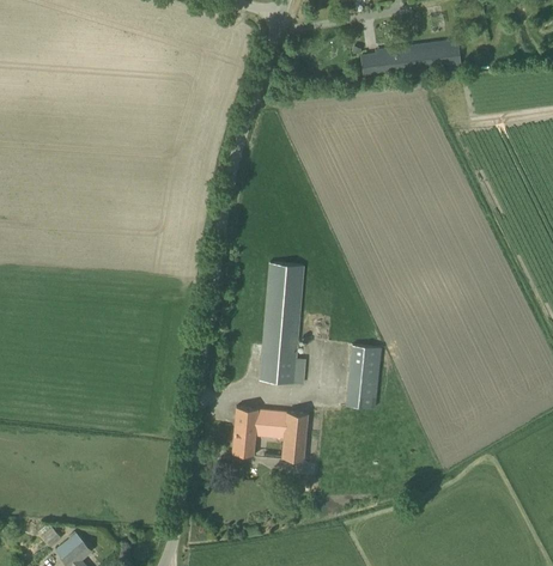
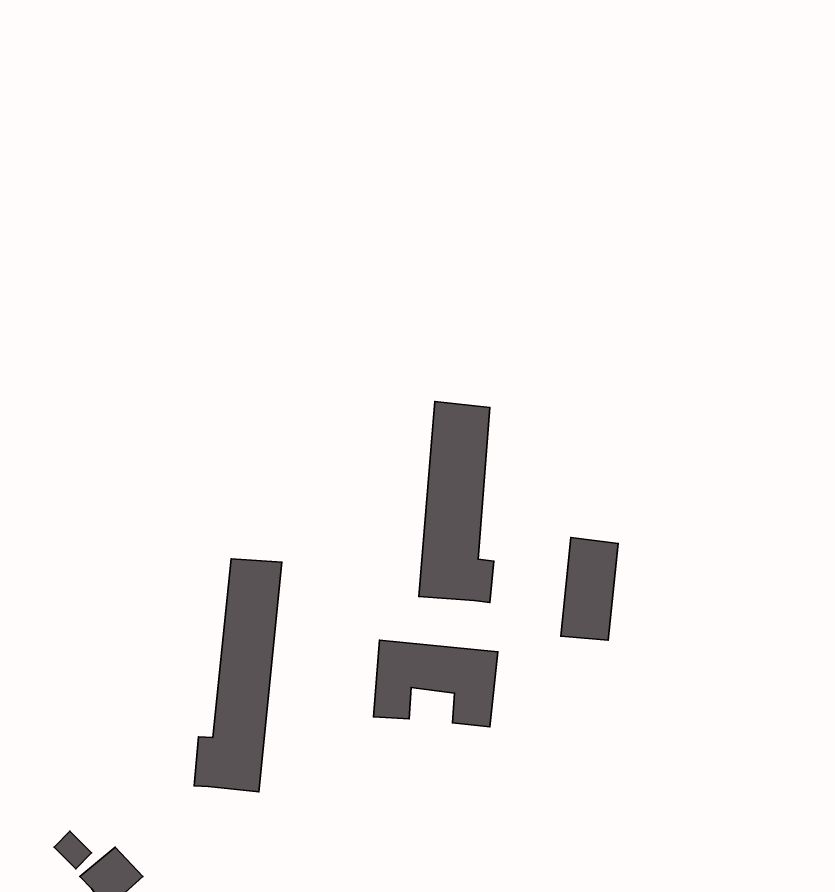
building: [360,39,460,79] -> none
building: none -> [194,559,282,792]

